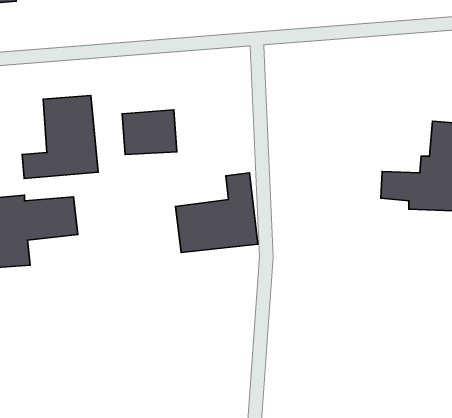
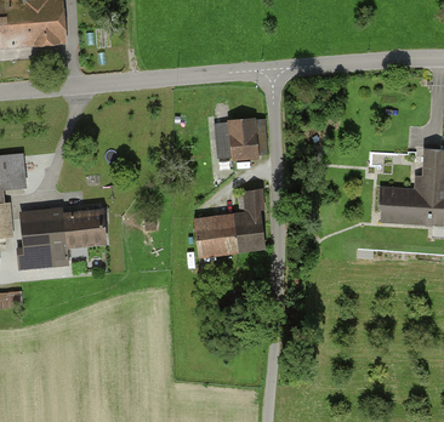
building: [22,95,98,178] -> none
building: [122,110,177,154] -> [217,118,264,156]

